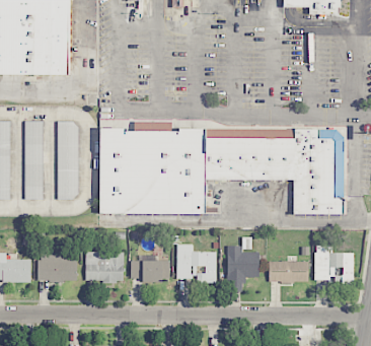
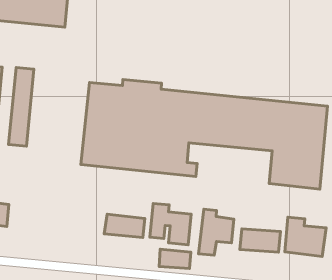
building: [57,121,79,199] -> none
building: [85,252,124,282] -> none
building: [38,253,77,282] -> none
building: none -> [159,249,191,269]

